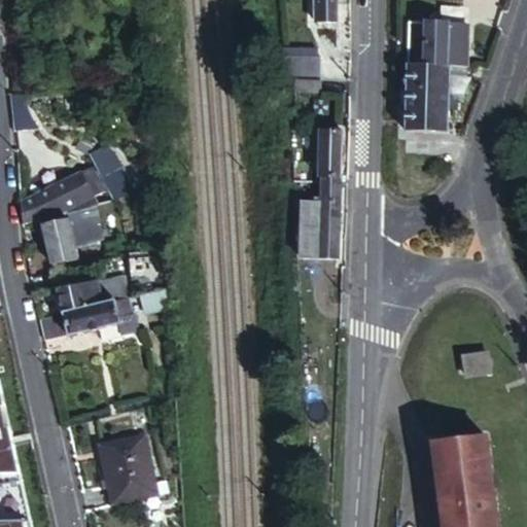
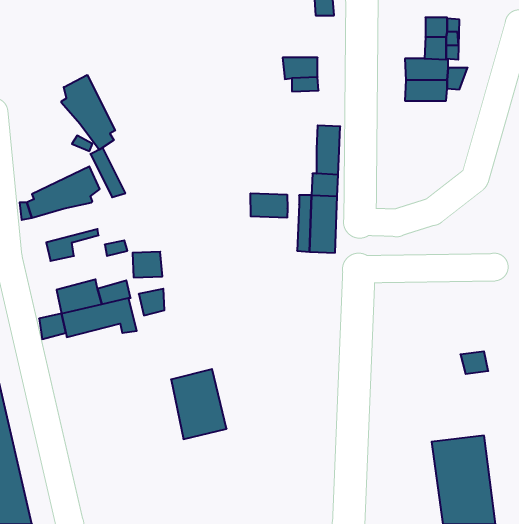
building: none -> [61,75,115,150]
building: [406,101,447,125] -> none
building: none -> [251,193,287,218]
building: [42,203,98,243] -> none
building: [96,434,151,504] -> [171,369,227,439]

